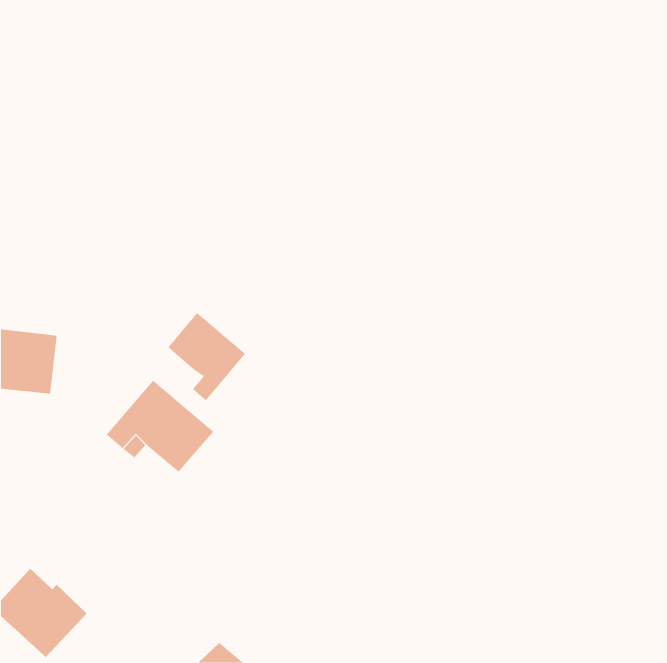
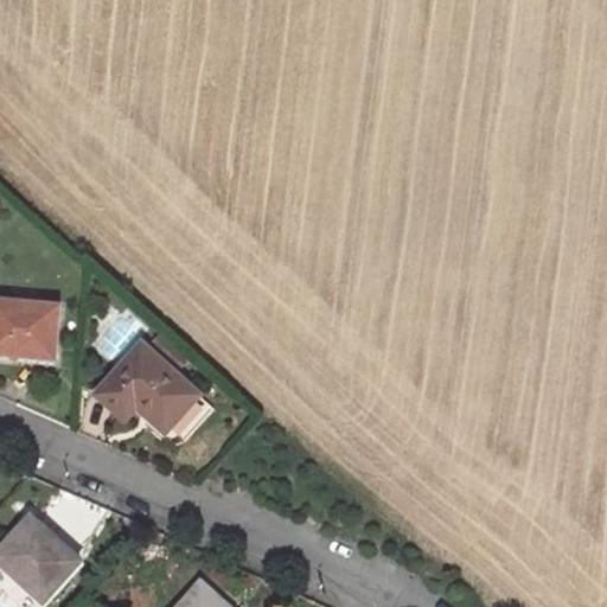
building: [167,312,246,401] -> none

